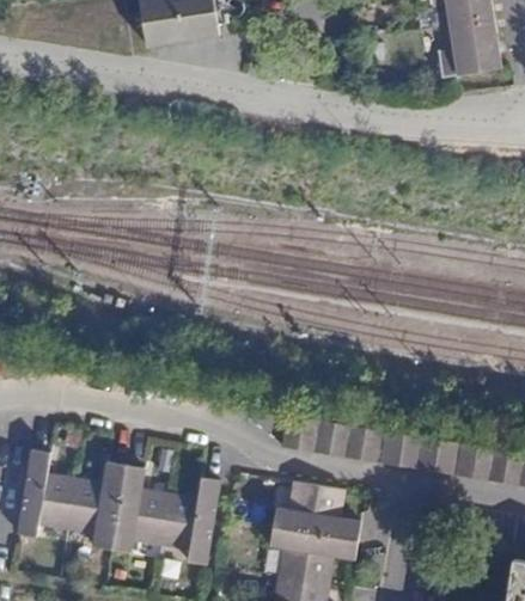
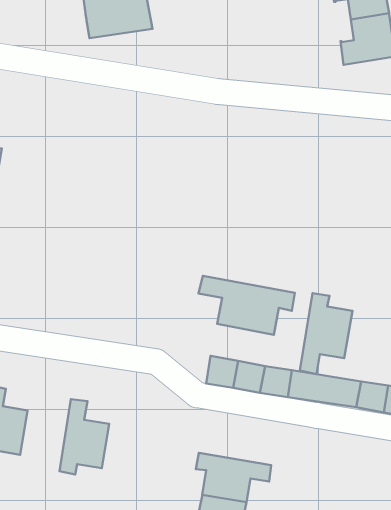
building: none -> [198,276,295,335]
building: none -> [300,293,352,374]
building: [66,460,124,547] -> none
building: [160,477,219,564] -> none
building: [273,480,360,540] -> none

